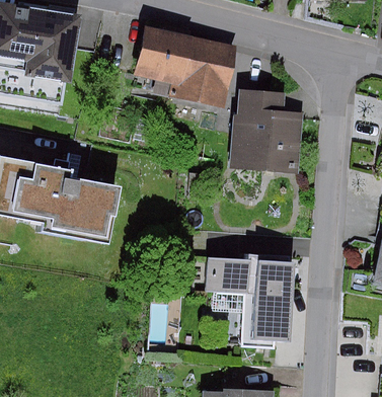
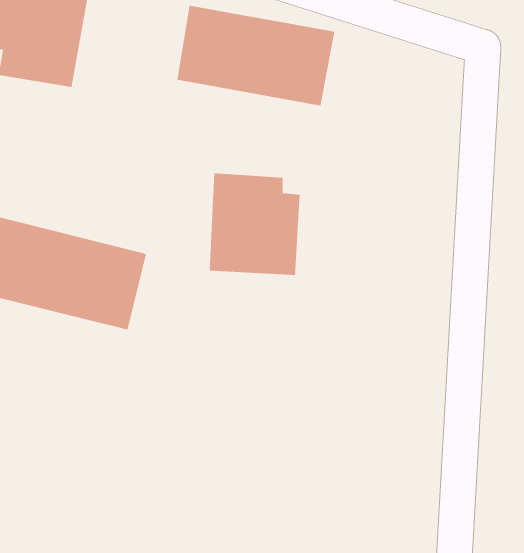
building: [231,101,291,168] -> [209,173,301,275]
building: [213,263,289,340] -> none

